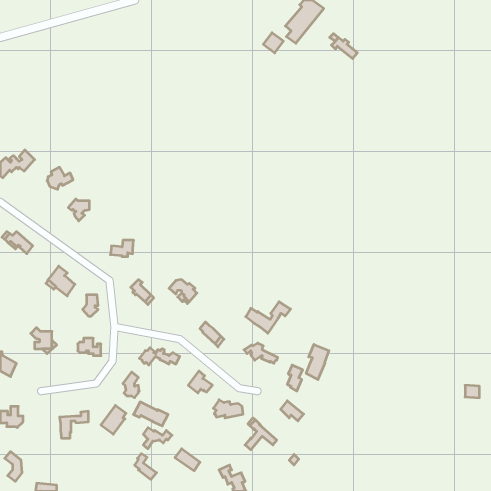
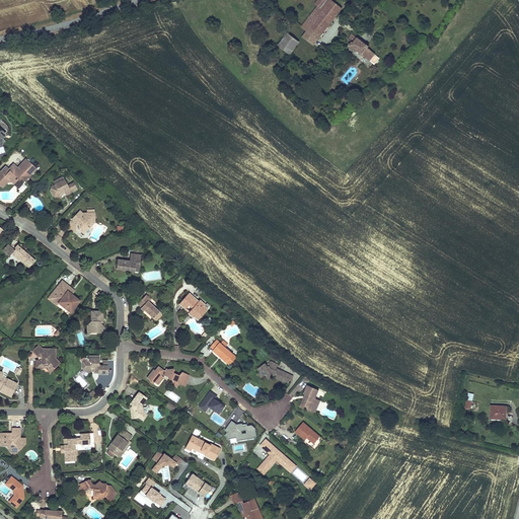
building: [246,302,291,333] -> none
building: [306,344,329,380] -> none
building: [133,402,168,426] -> [184,435,221,460]
building: none -> [79,480,115,503]

